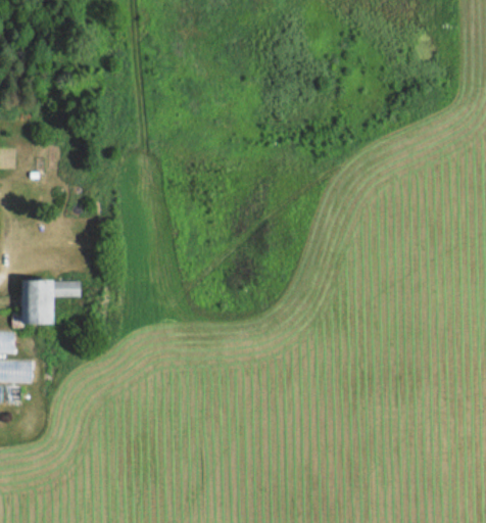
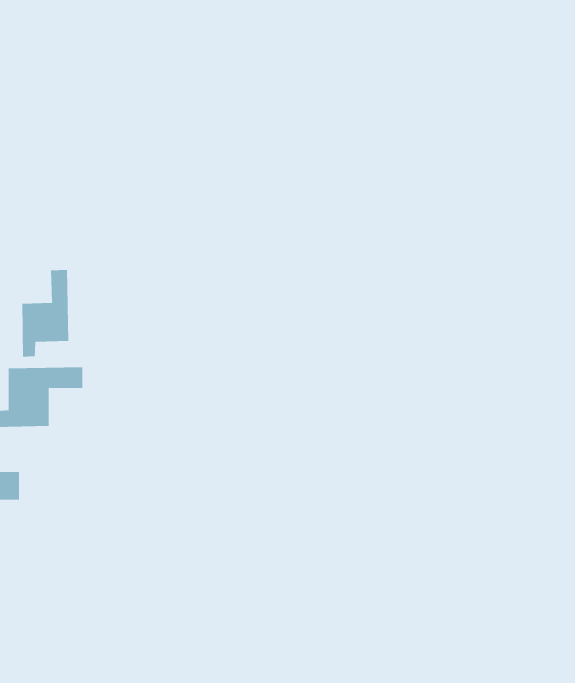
building: none -> [22,269,69,357]

